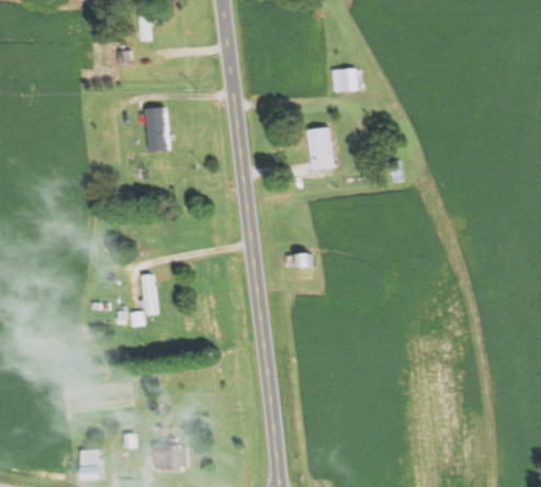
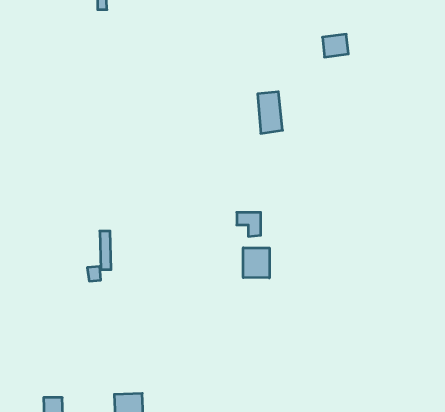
building: [331,67,359,91] -> [322,34,348,57]
building: [145,105,170,151] -> none
building: none -> [243,248,269,278]

